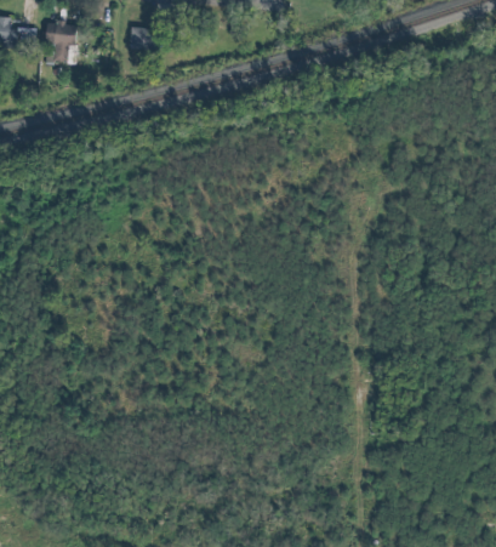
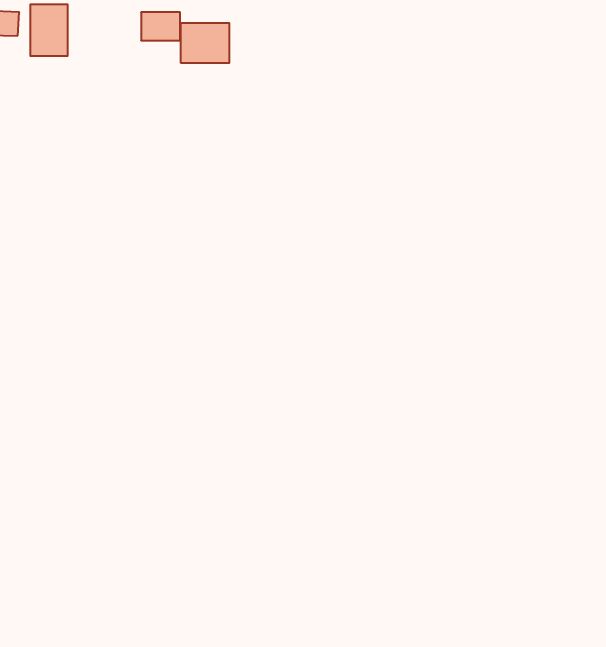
building: none -> [181,23,229,63]

